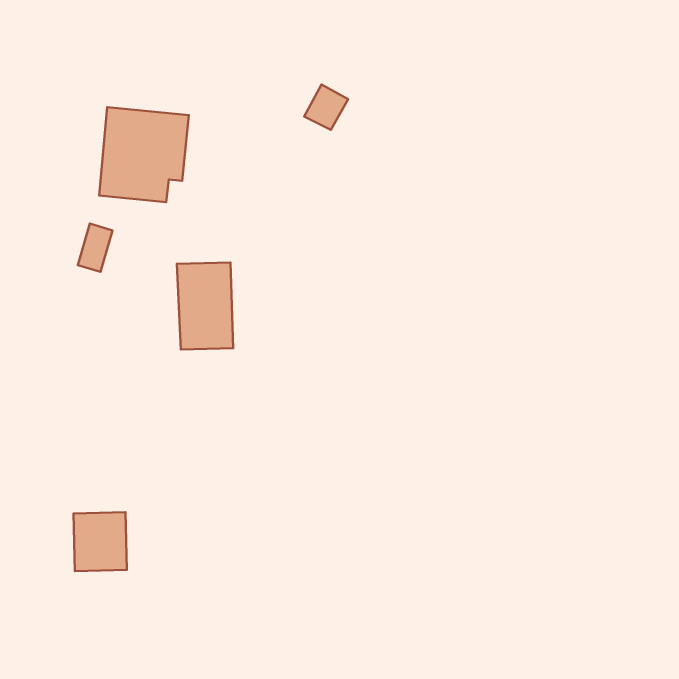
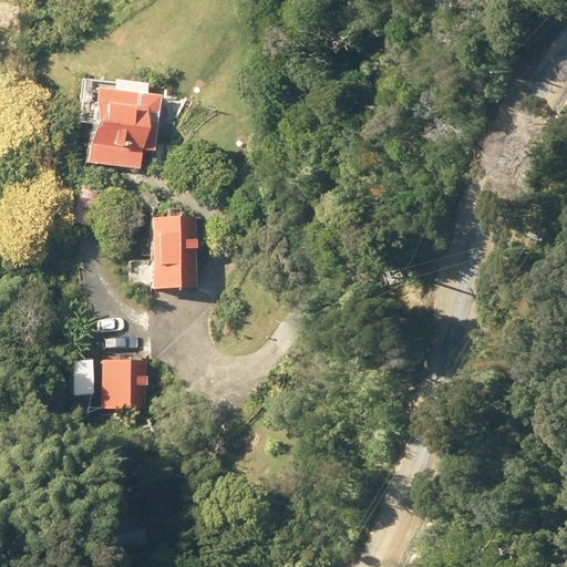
building: [73,512,127,571] -> [104,354,148,403]

